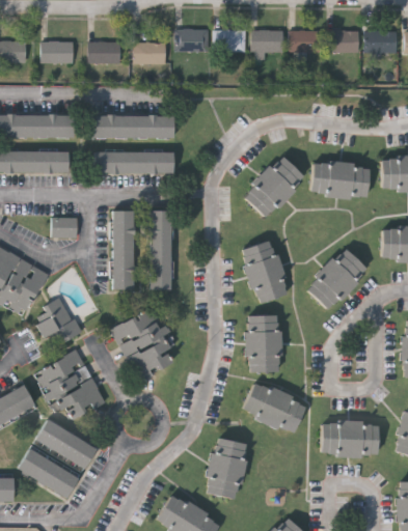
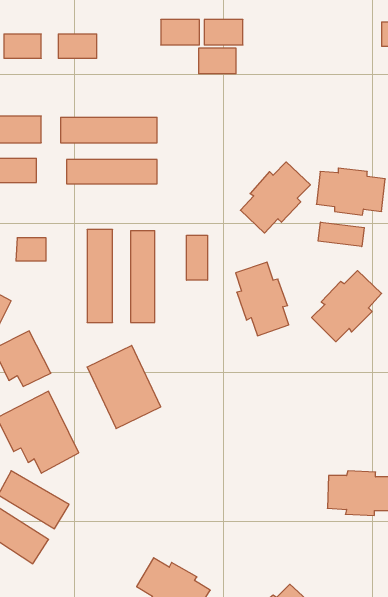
building: [251,30,283,52] -> [199,48,236,74]
building: [290,32,322,54] -> none
building: [327,32,359,54] -> none
building: [134,44,167,65] -> none
building: none -> [318,222,364,247]
building: none -> [187,235,207,280]
building: [244,313,281,371] -> none
building: [241,381,305,431] -> none
building: [205,435,246,497] -> none

